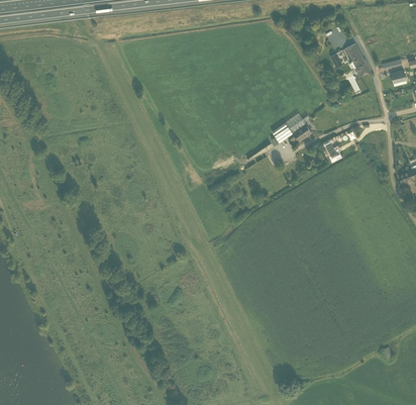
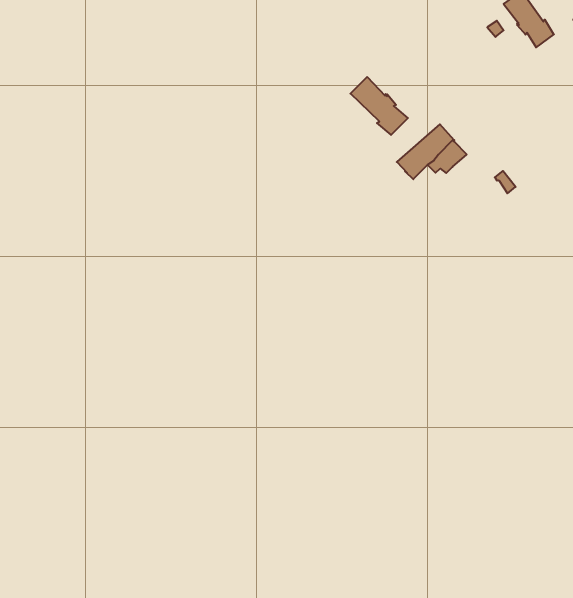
building: none -> [350,77,408,135]

